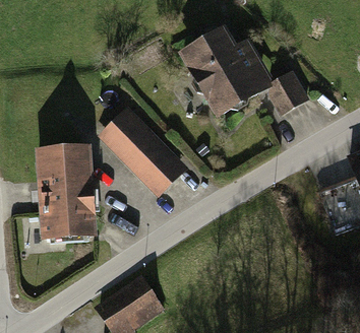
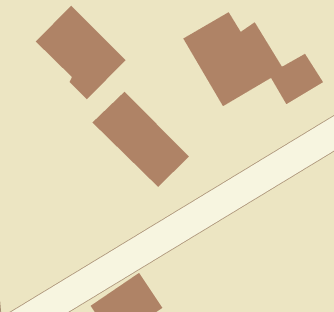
building: none -> [35,5,126,100]
building: [35,146,97,240] -> none

